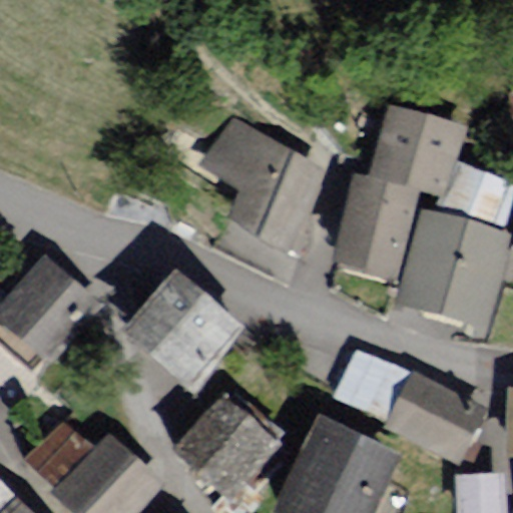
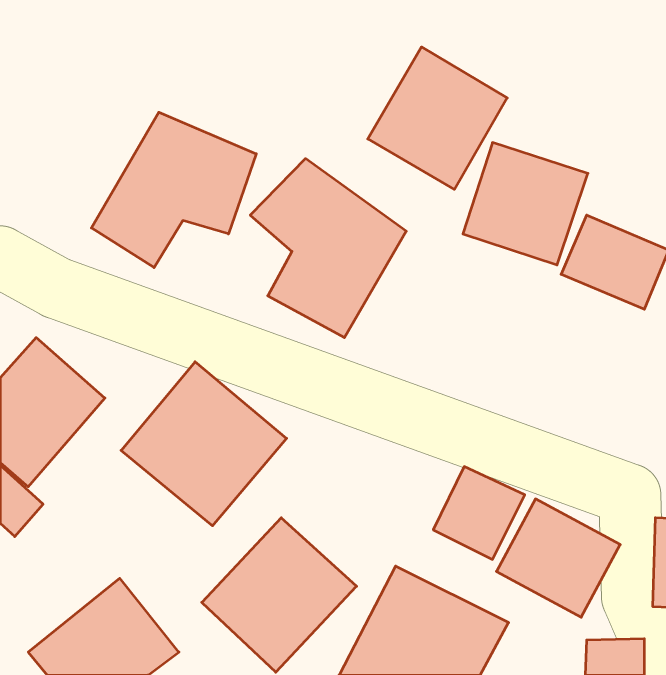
building: none -> [368,47,507,189]
building: none -> [91,112,256,268]
building: [319,178,407,278] -> none
building: [390,211,495,329] -> none

